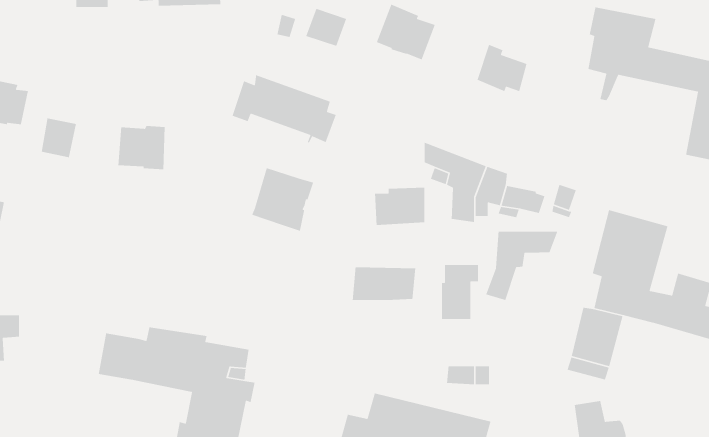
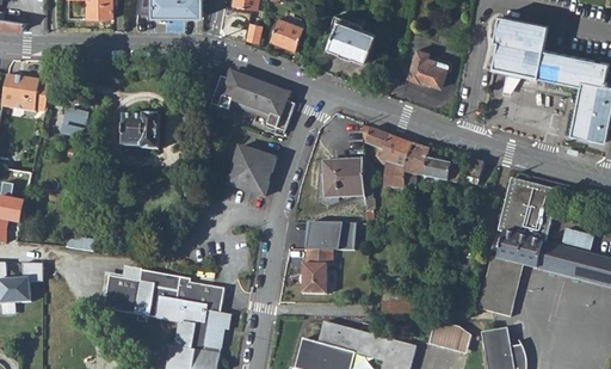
building: [485,231,559,301] -> none
building: [441,264,479,320] -> [303,251,333,295]
building: none -> [428,322,469,353]

